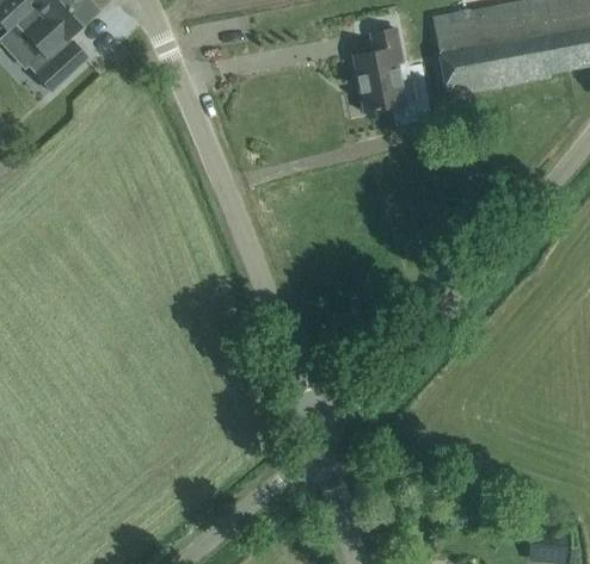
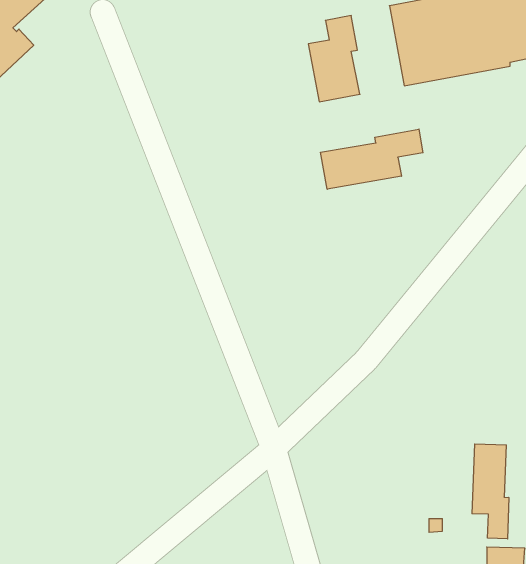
building: none -> [321,129,423,189]
building: none -> [472,444,509,539]

